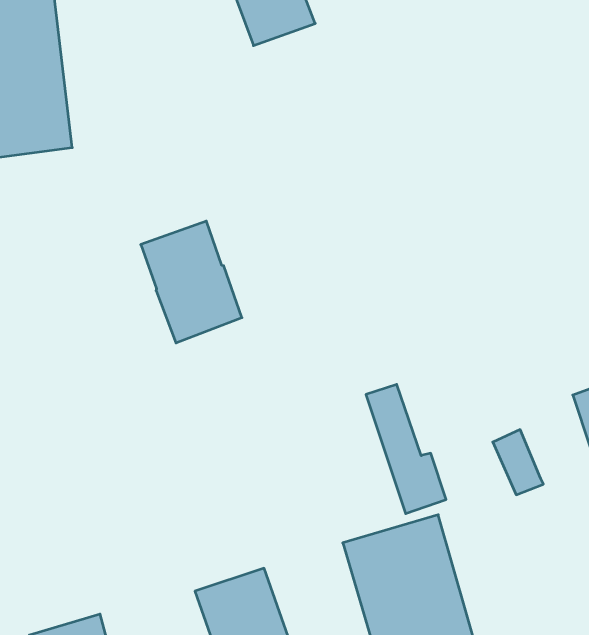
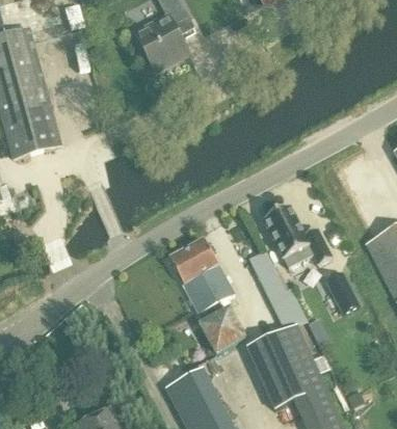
building: [141,221,242,343] -> [169,240,233,312]
building: none -> [263,204,333,265]
building: none -> [200,303,247,350]

